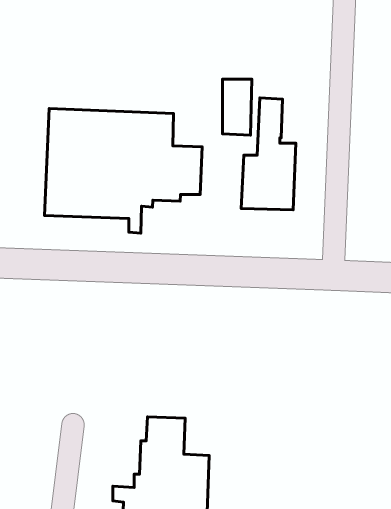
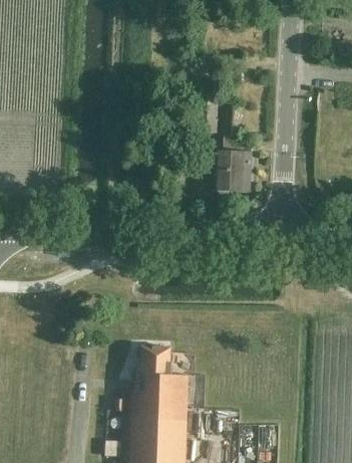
building: [45,108,202,233] -> none

